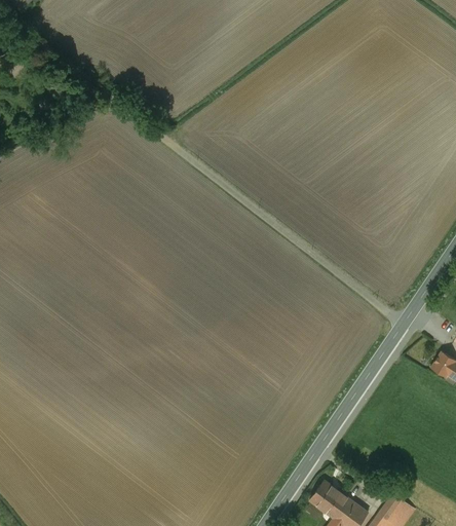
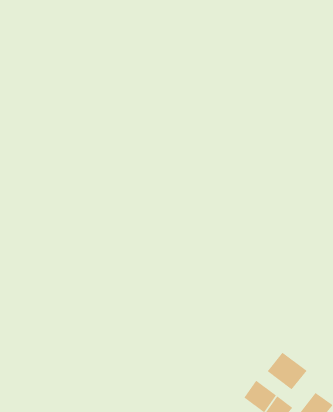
building: none -> [267,352,307,390]

